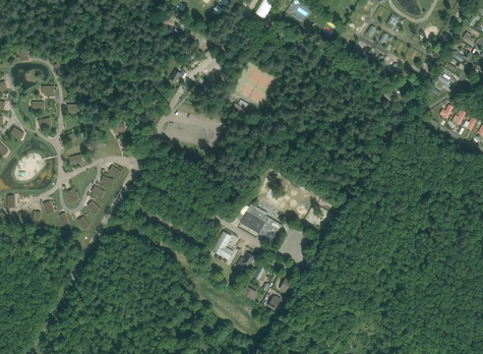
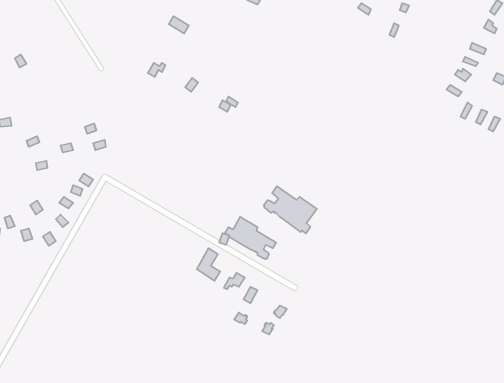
building: none -> [264,186,317,234]

